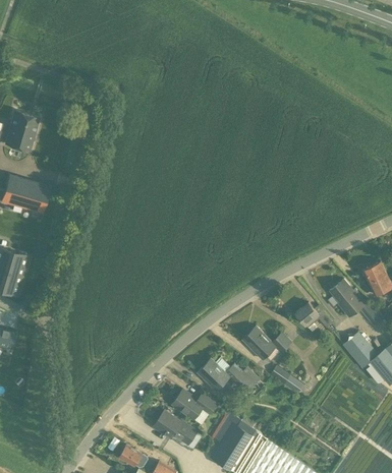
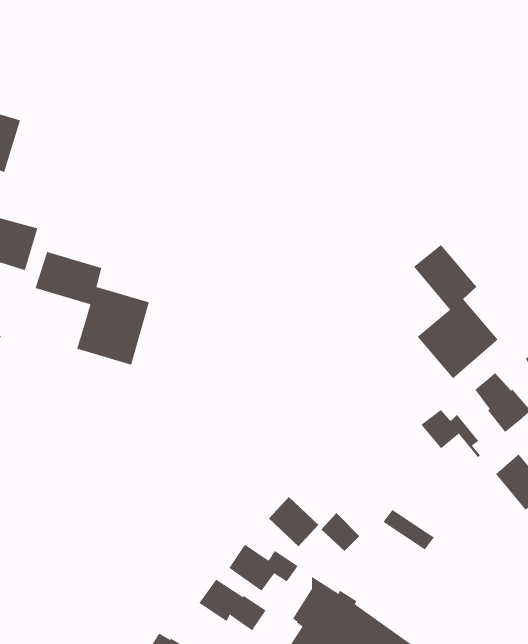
building: none -> [413,244,499,379]
building: none -> [35,251,150,365]
building: [242,327,292,360] -> none

